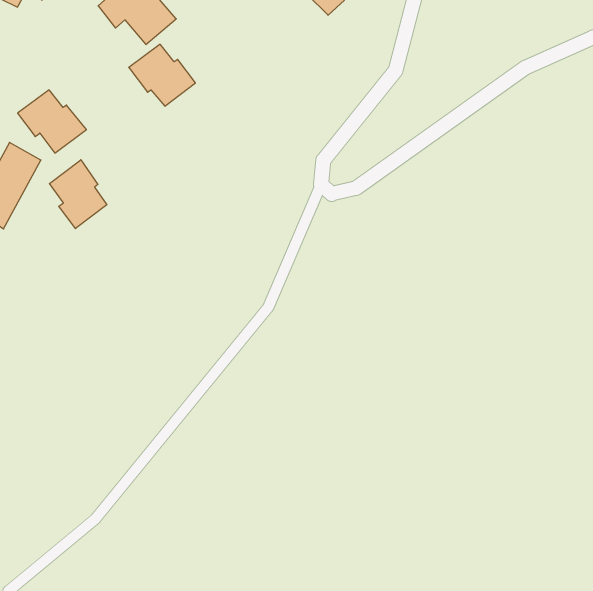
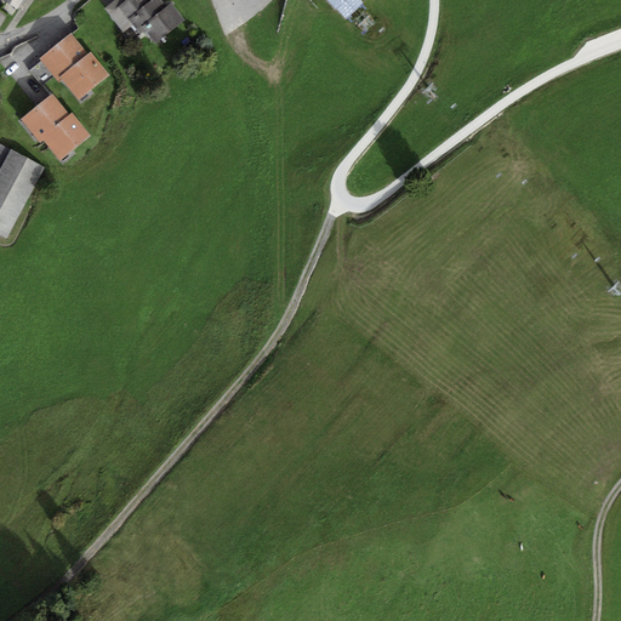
building: [129,44,195,106] -> [36,33,106,97]
building: [49,160,107,229] -> none

